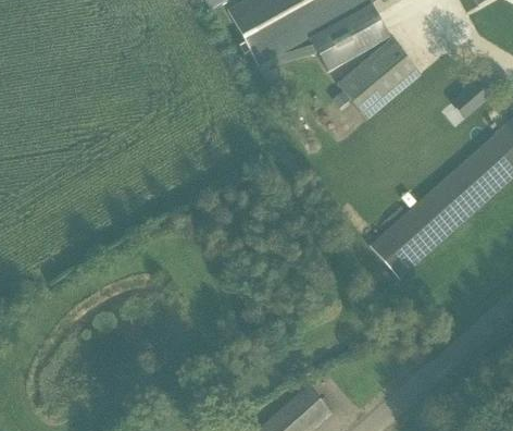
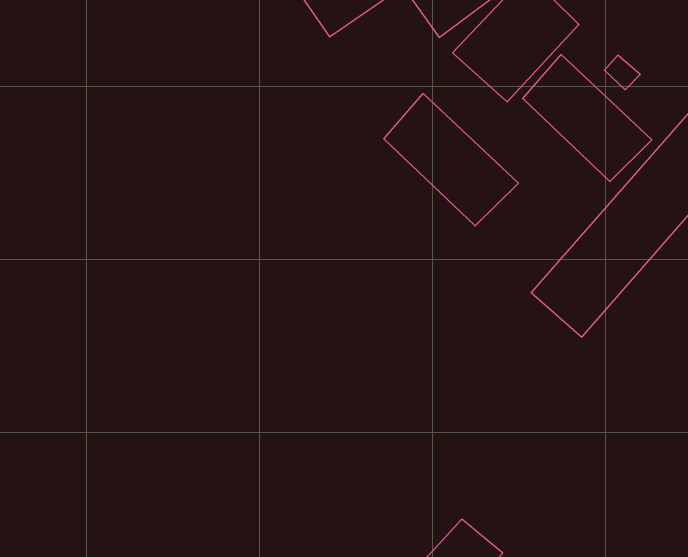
building: none -> [523,55,652,182]
building: none -> [384,94,518,226]

